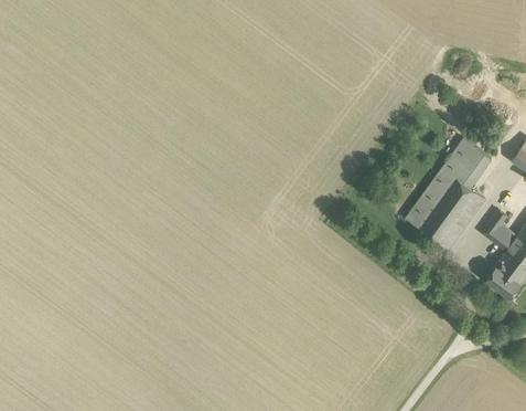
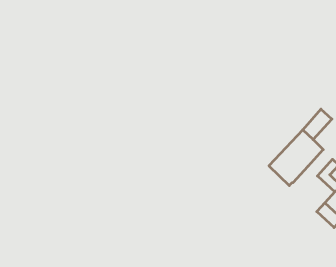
building: [406,137,476,226] -> none

